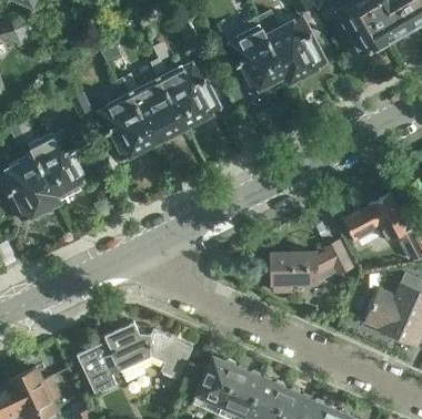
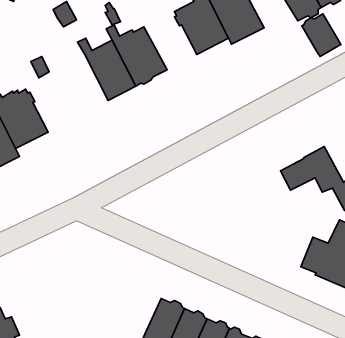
building: none -> [302,14,341,56]
building: [97,79,155,160] -> none
building: [270,241,352,292] -> none
building: [77,321,193,395] -> none

